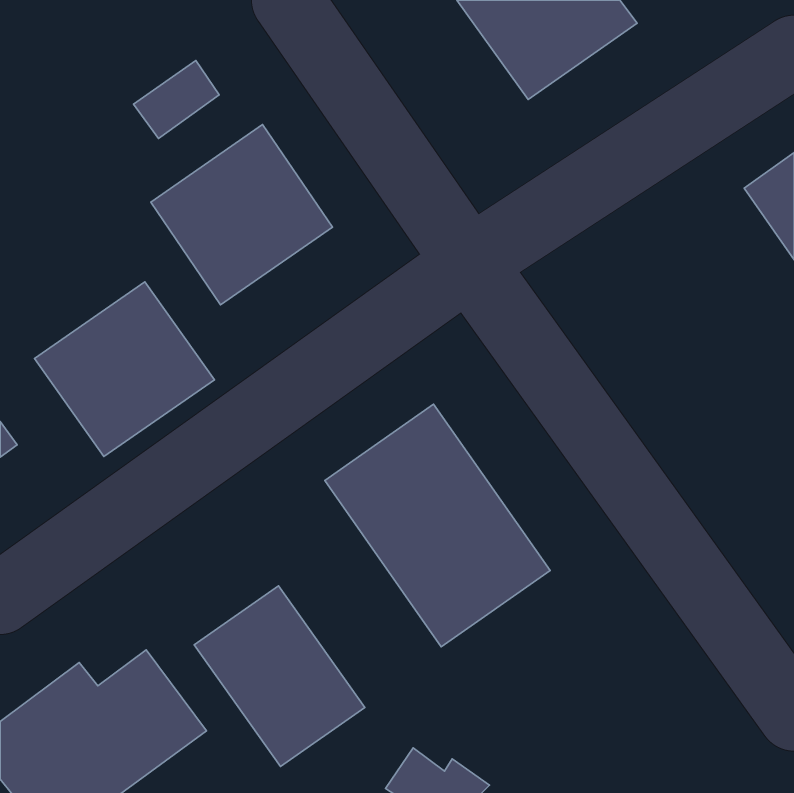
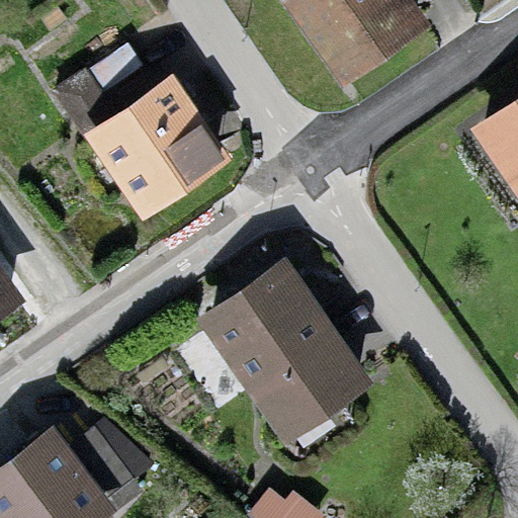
building: [35,282,214,457] -> none
building: [194,586,365,767] -> none

